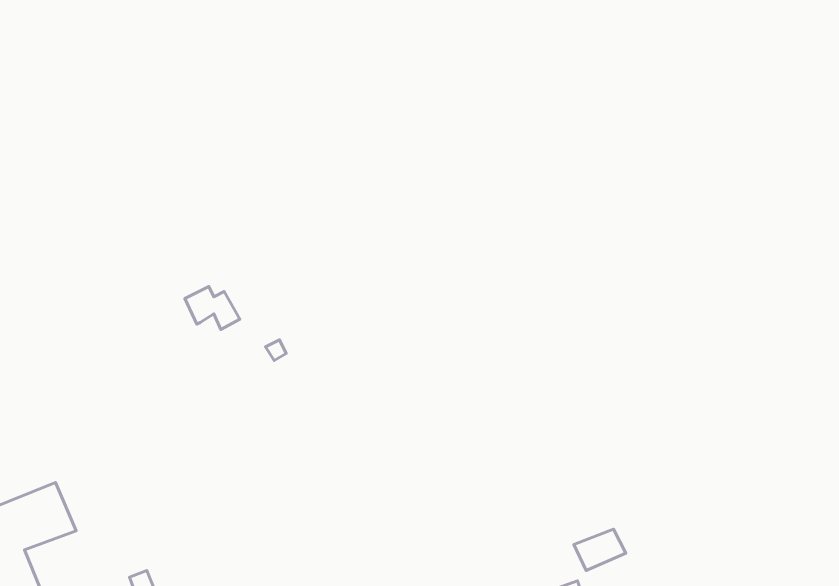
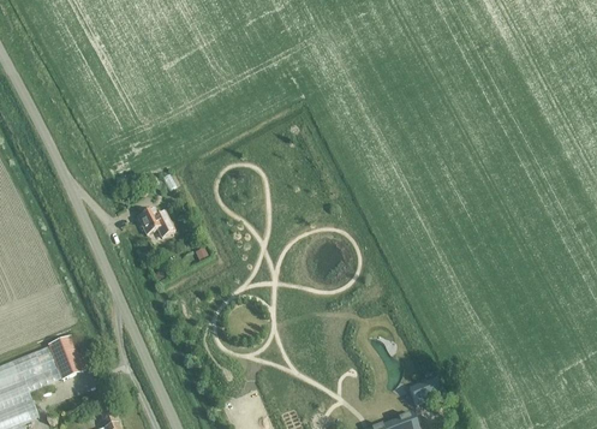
building: none -> [46,338,82,380]

